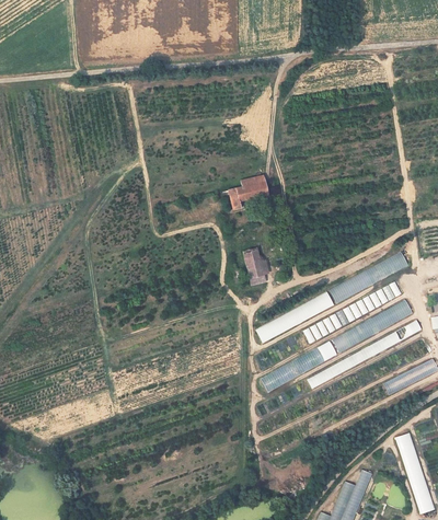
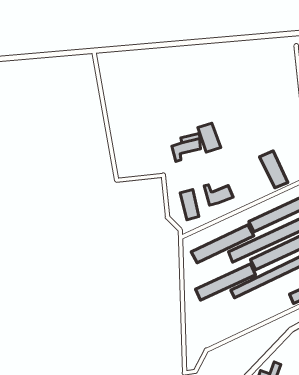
building: none -> [198,123,221,152]
building: none -> [260,151,288,188]
building: none -> [204,185,233,205]

